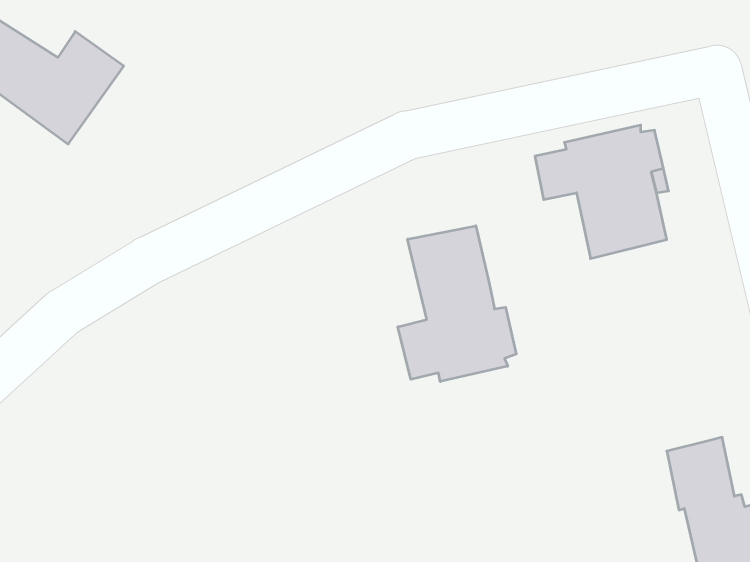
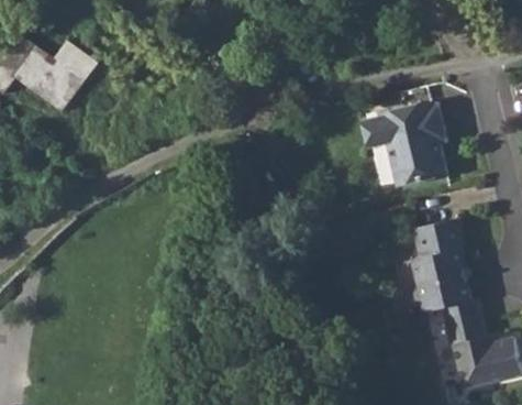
building: [398,226,516,382] -> none
building: none -> [412,219,469,311]

